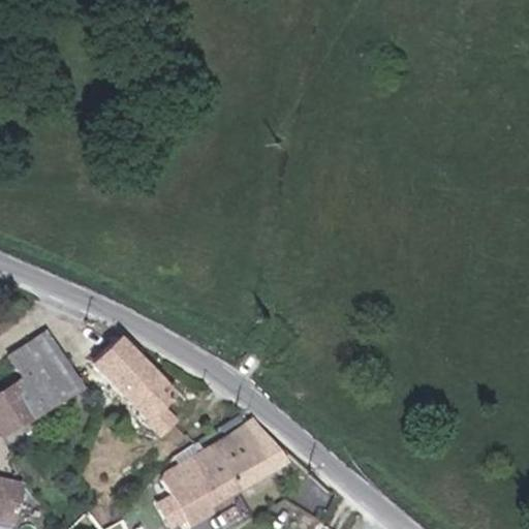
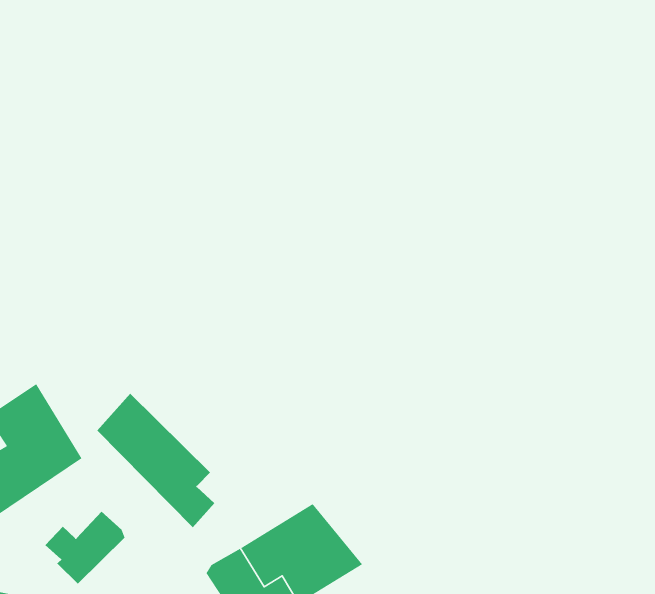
building: none -> [45,511,125,584]

